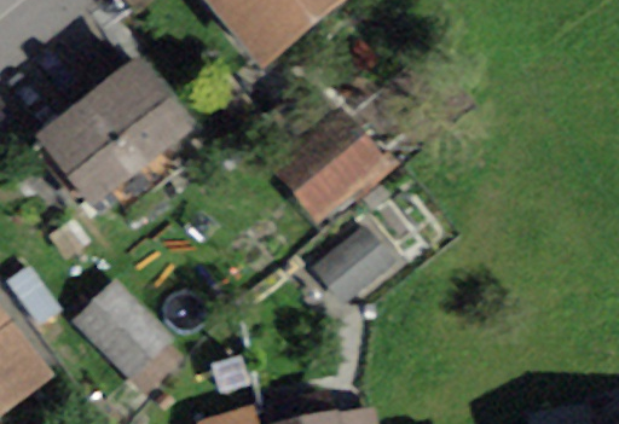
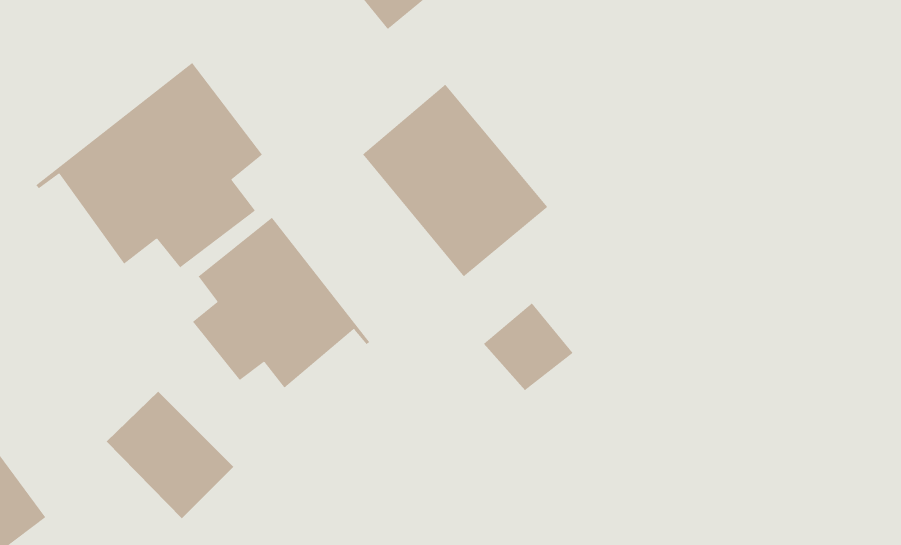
building: none -> [192,217,370,388]

